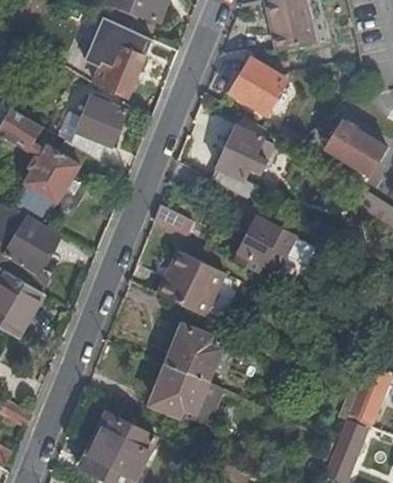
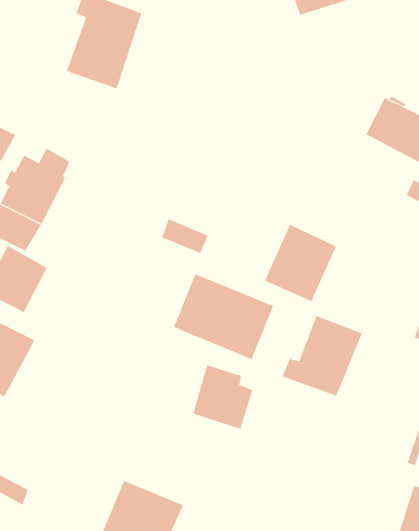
building: [229,57,286,112] -> none
building: [59,95,126,160] -> none
building: [211,125,273,199] -> none
building: none -> [282,315,363,397]
building: [151,363,205,413] -> none

